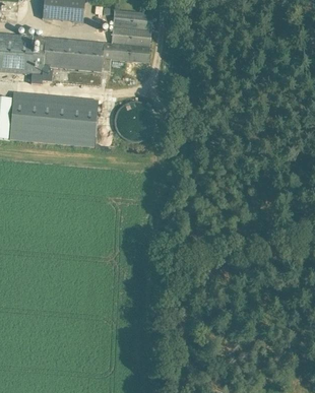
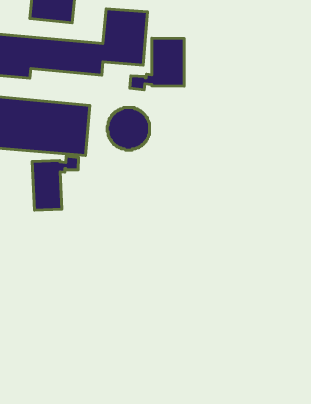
building: none -> [130,38,184,90]
building: none -> [32,156,78,210]

